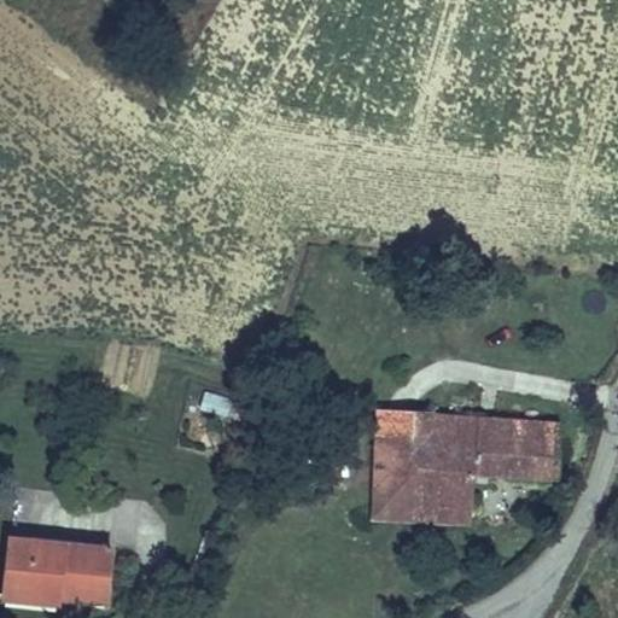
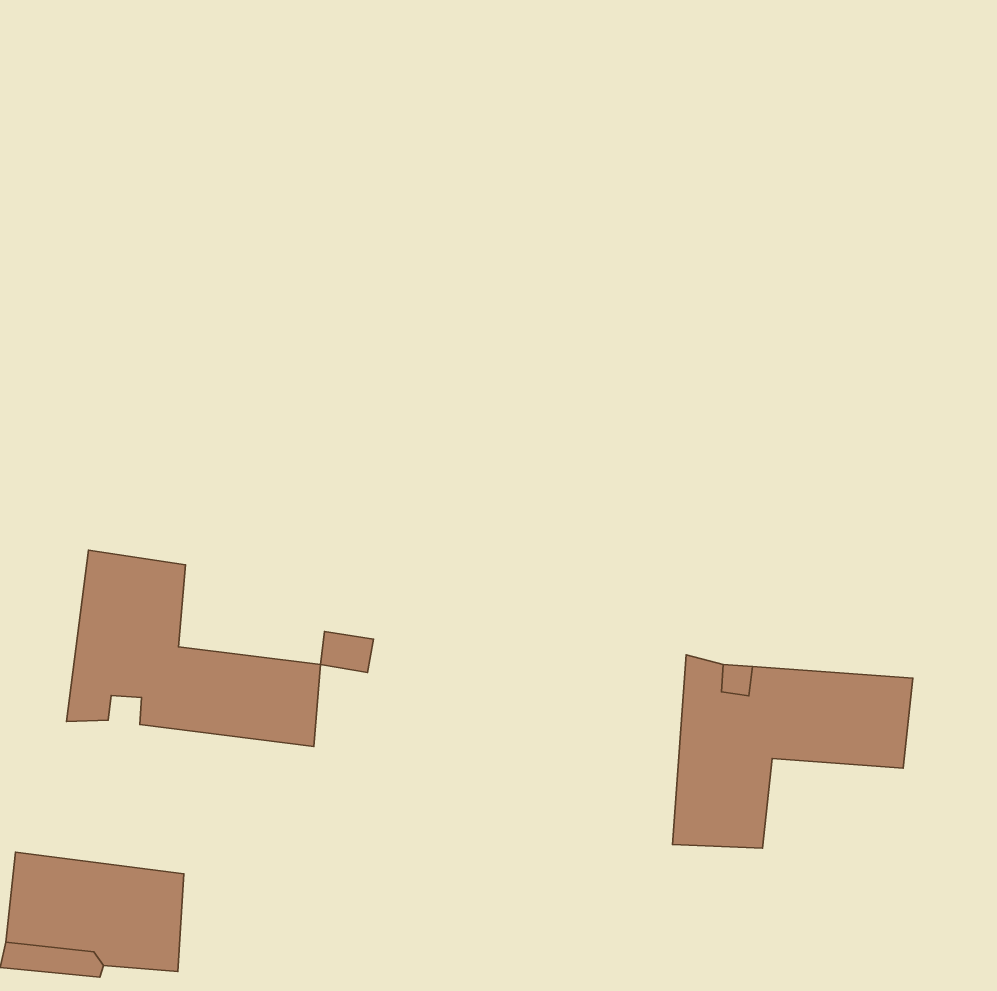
building: none -> [67,550,321,747]
building: [367,404,424,526] -> none

